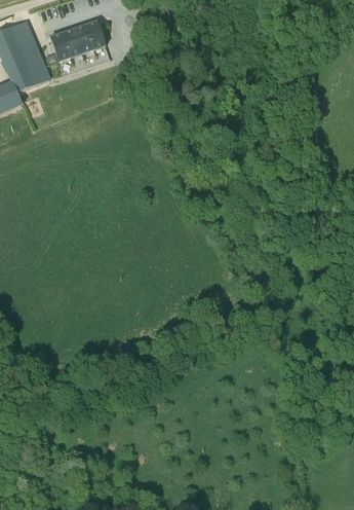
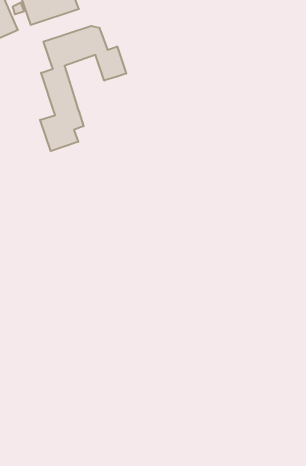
building: none -> [40,26,126,151]

